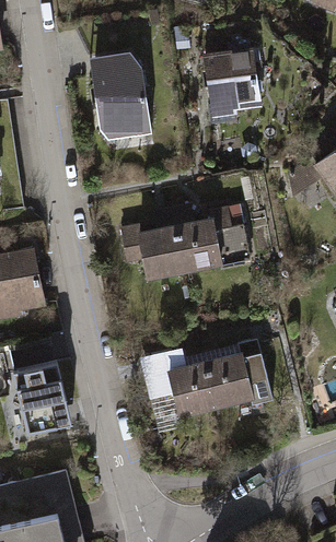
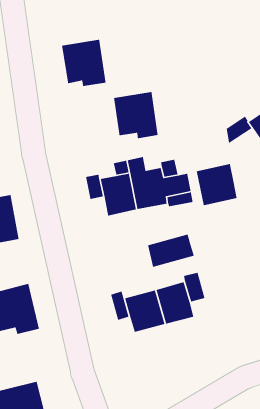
building: [205,50,258,107] -> [113,91,159,139]
building: none -> [196,163,238,206]
building: none -> [147,233,195,268]

